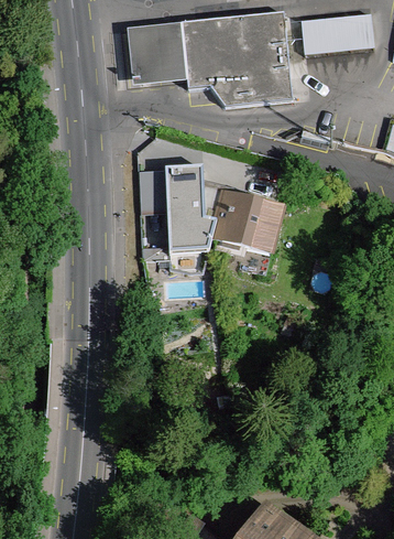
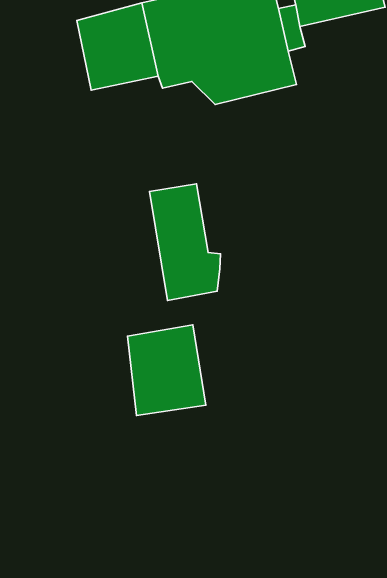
building: [215,192,284,256] -> none
building: none -> [127,325,206,416]

